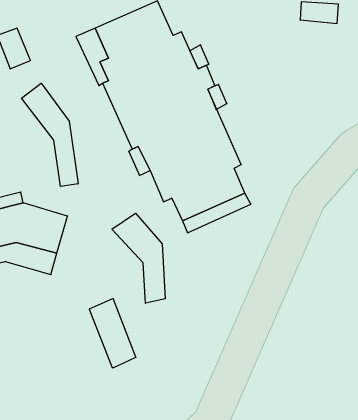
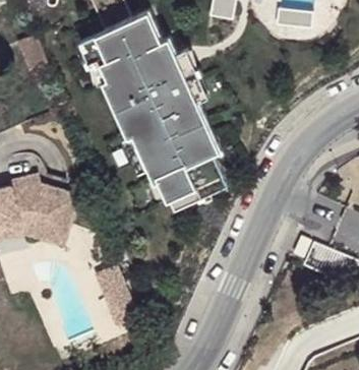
building: [22,83,78,186] -> none
building: [112,213,165,303] -> none

